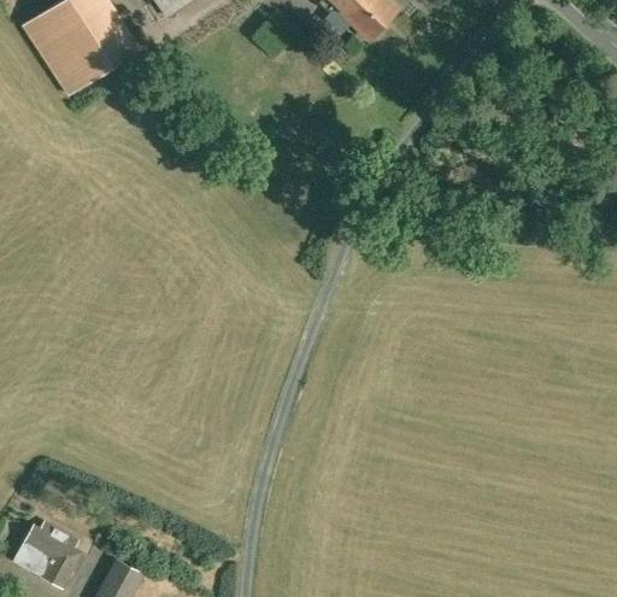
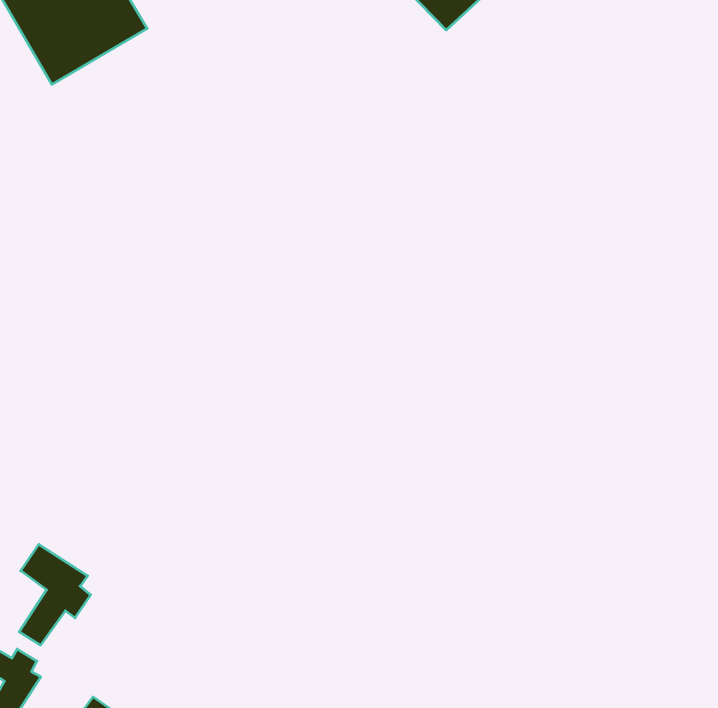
building: none -> [19,544,91,645]

